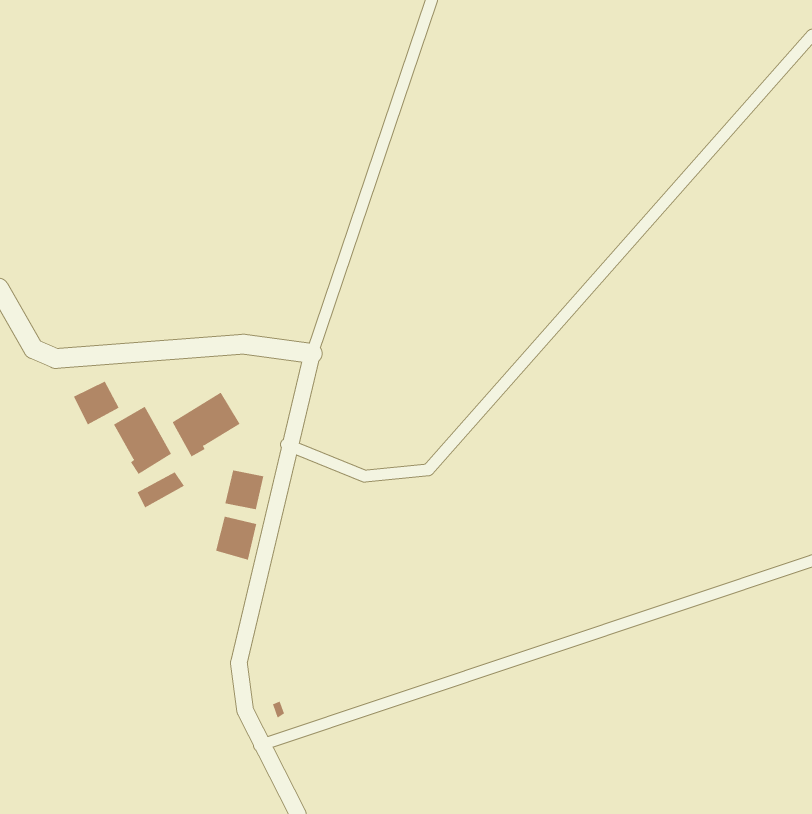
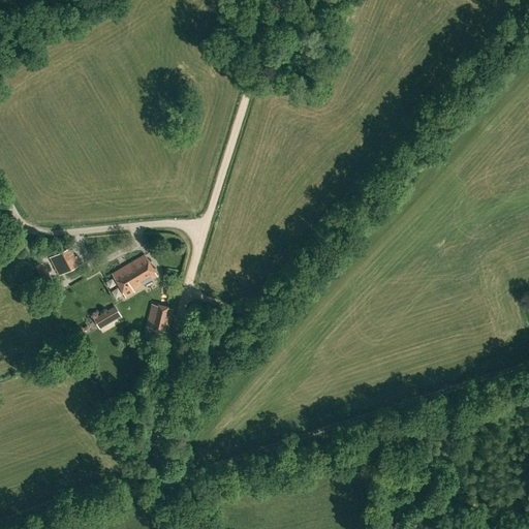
building: [113,406,172,475] -> none
building: [215,516,257,561] -> none

